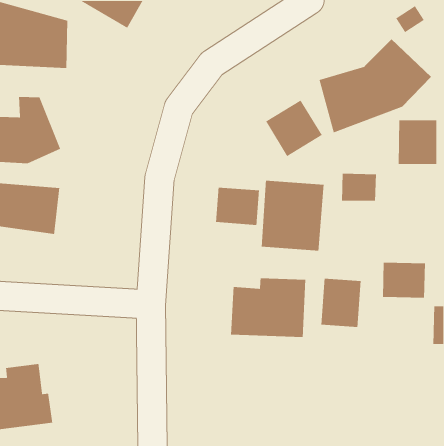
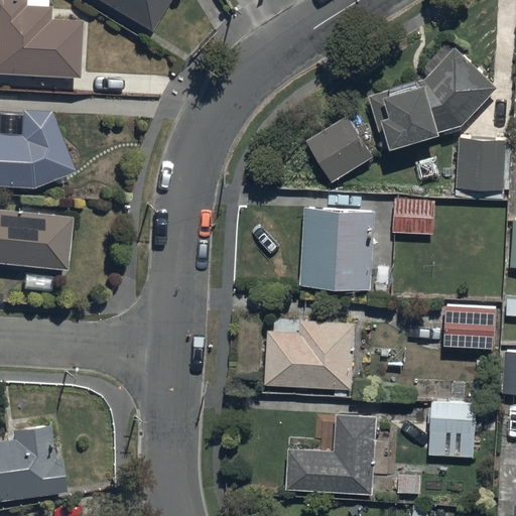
building: [215,187,260,226] -> none
building: [321,278,362,328] -> [428,401,476,459]
building: none -> [287,412,376,495]

